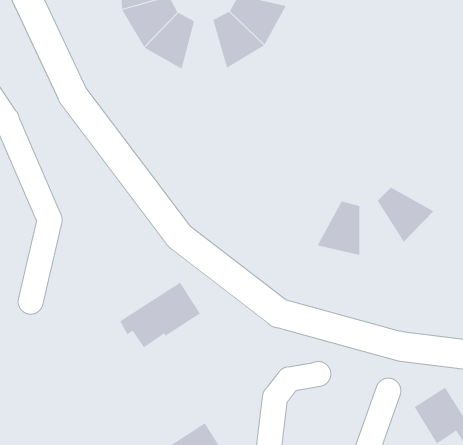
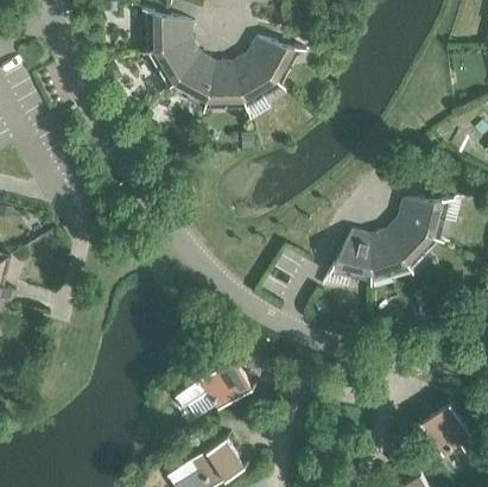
building: none -> [204,61,246,107]
building: none -> [399,198,449,239]
building: none -> [370,229,411,280]
building: [119,282,201,348] -> [176,358,252,419]

